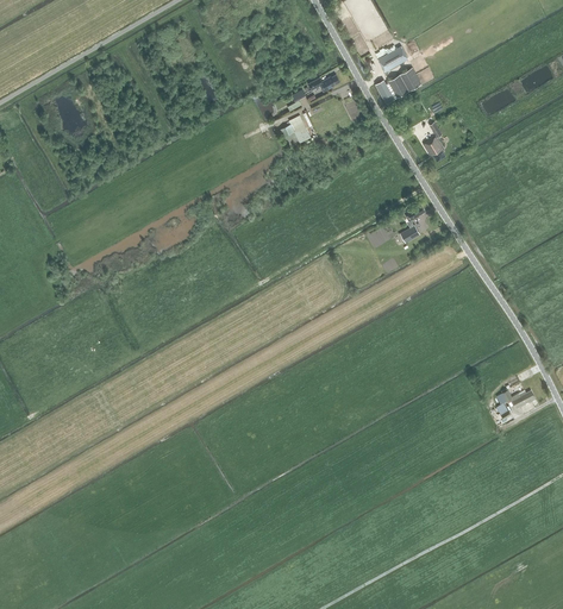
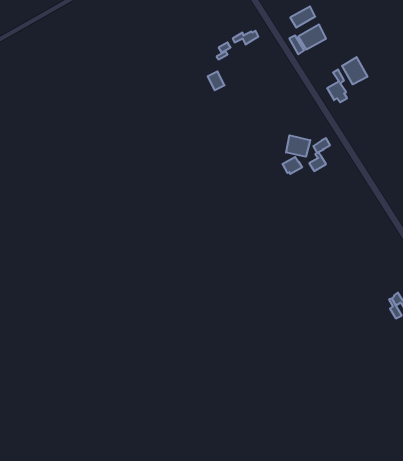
building: none -> [342,57,367,84]
building: none -> [286,135,310,157]

